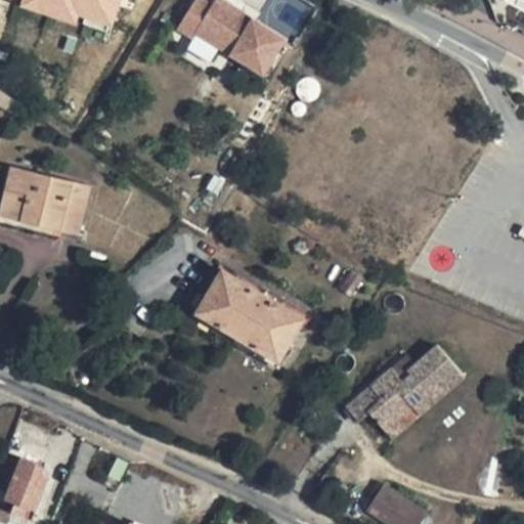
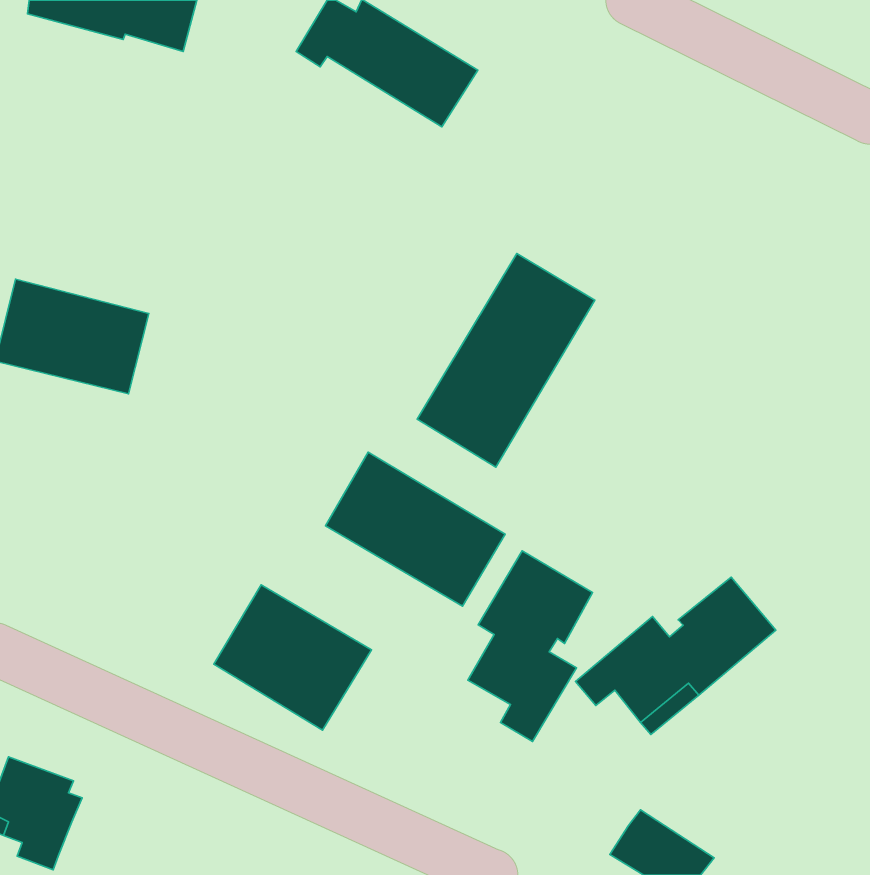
building: none -> [417,254,595,467]
building: none -> [468,551,593,742]
building: none -> [214,585,371,730]

